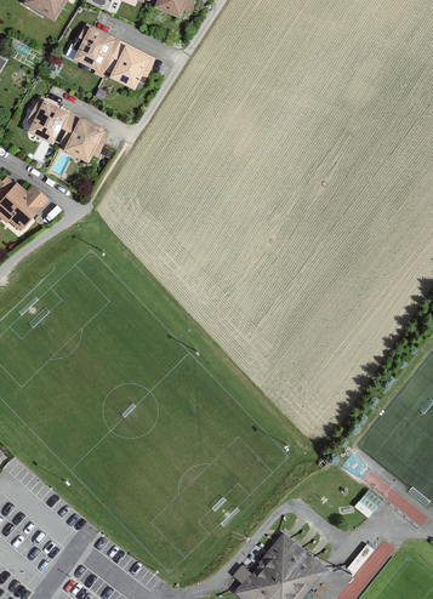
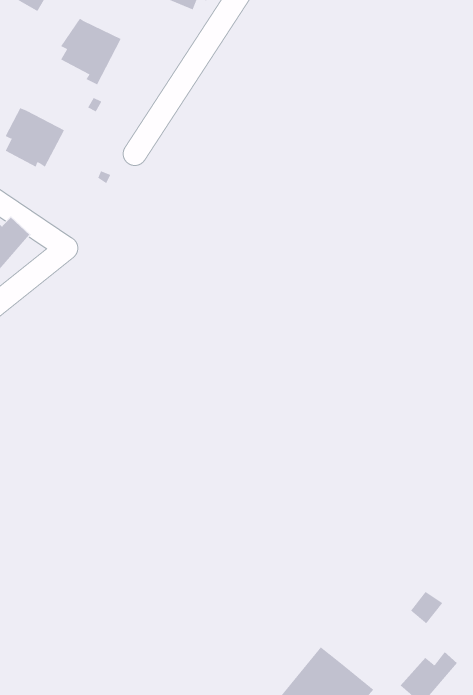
building: [106,41,154,90] -> none
building: [59,115,109,161] -> none

